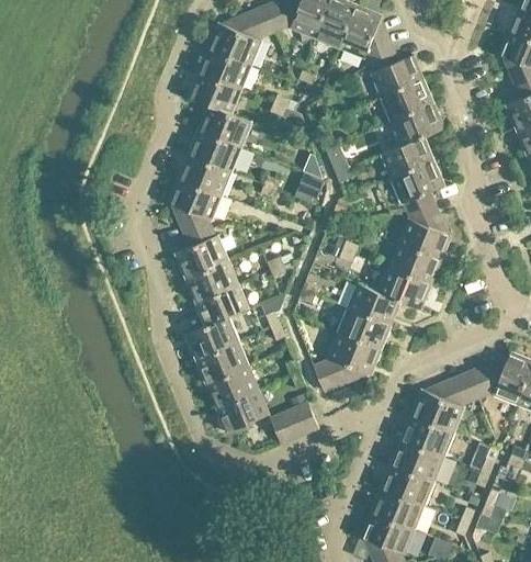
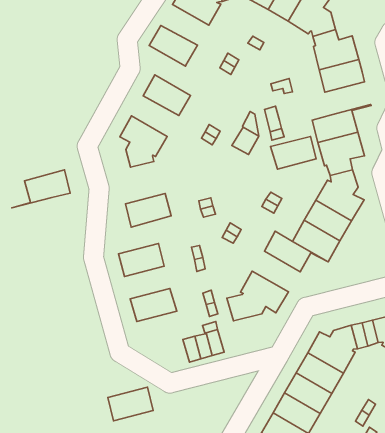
building: [199,47,252,89] -> none
building: [189,97,252,146] -> none
building: [392,104,444,146] -> [271,136,316,169]
building: [180,154,233,195] -> none
building: [177,225,229,277] -> none
building: [187,283,249,334] -> [12,170,70,208]
building: [338,308,392,350] -> none
building: [196,340,249,382] -> none
building: [217,389,270,431] -> [108,387,153,421]

